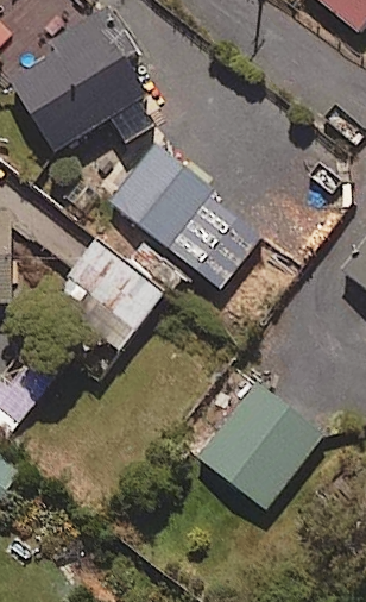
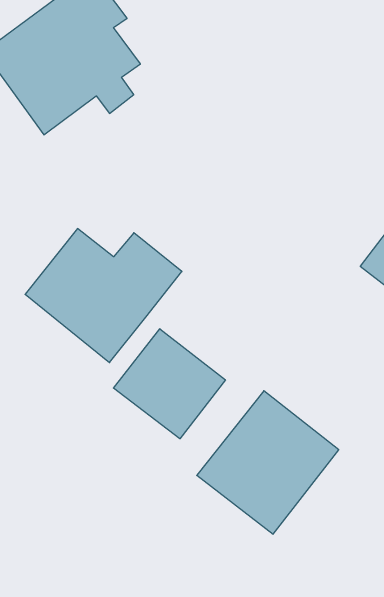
building: [108,144,259,288] -> none
building: none -> [113,329,225,439]

